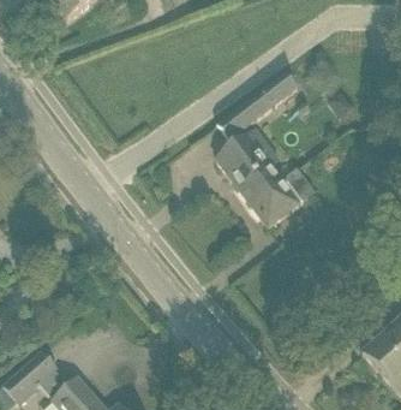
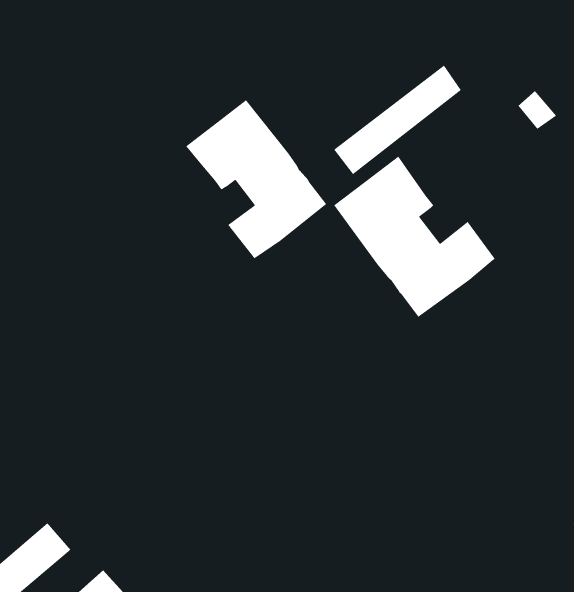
building: none -> [185,99,327,259]

